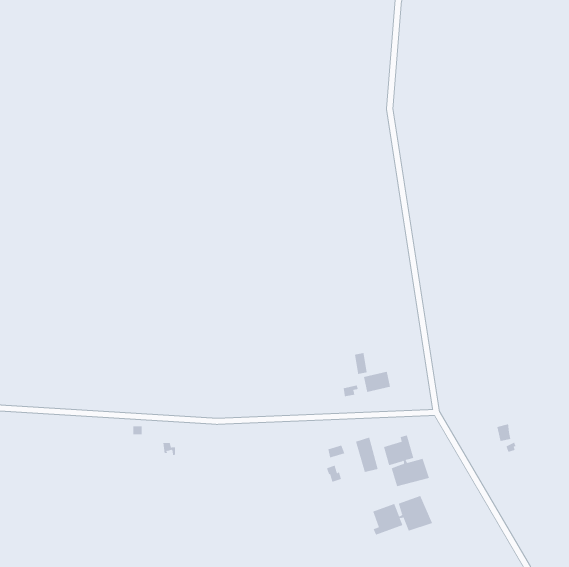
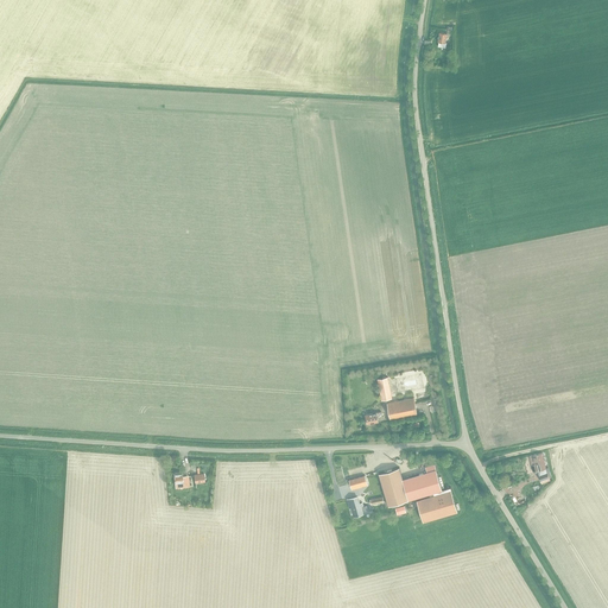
building: [372,495,433,536] -> none

